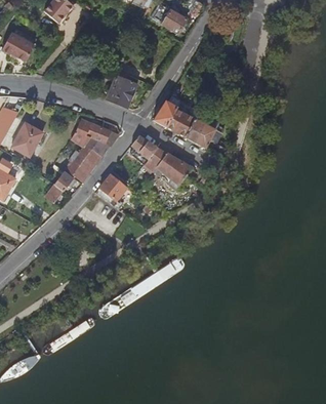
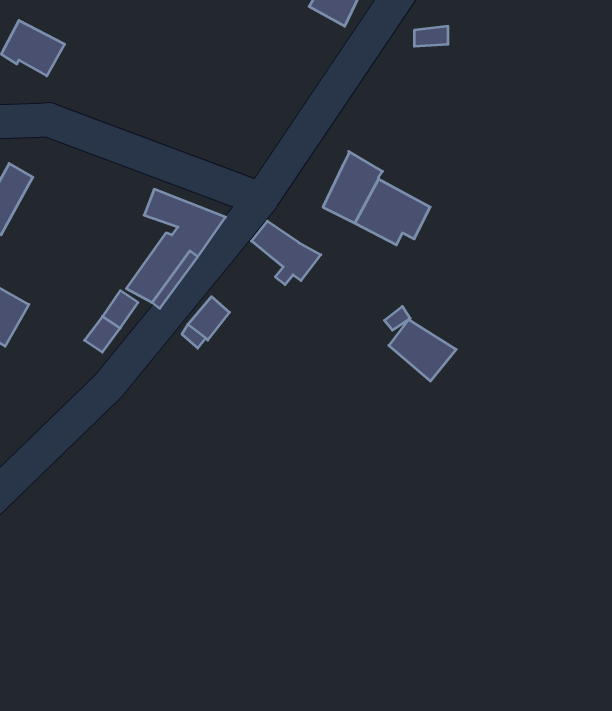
building: [106,70,136,108] -> none
building: [152,100,177,128] -> none
building: [11,122,42,155] -> none
building: [156,153,191,185] -> [389,320,456,381]

